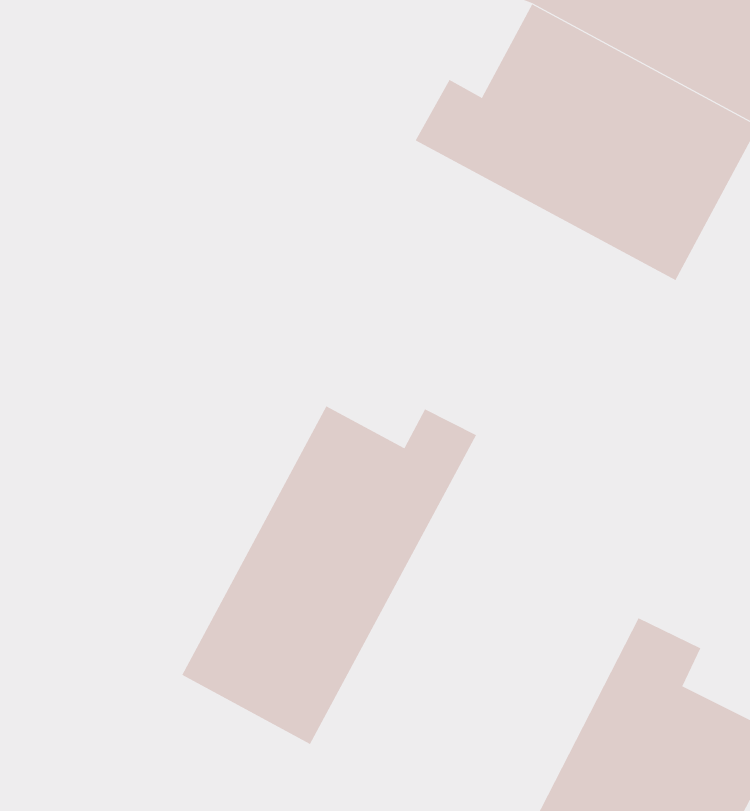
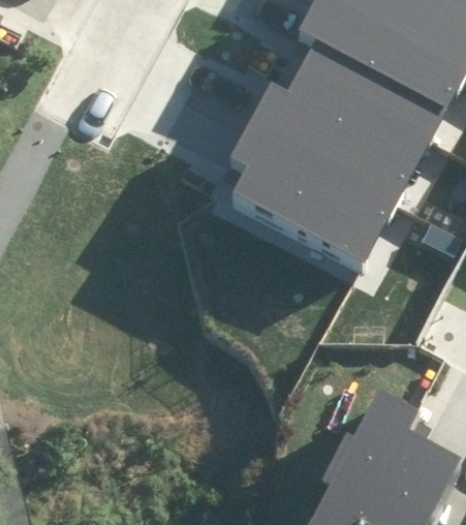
building: none -> [228,117,398,262]
building: [182,406,477,745] -> none

